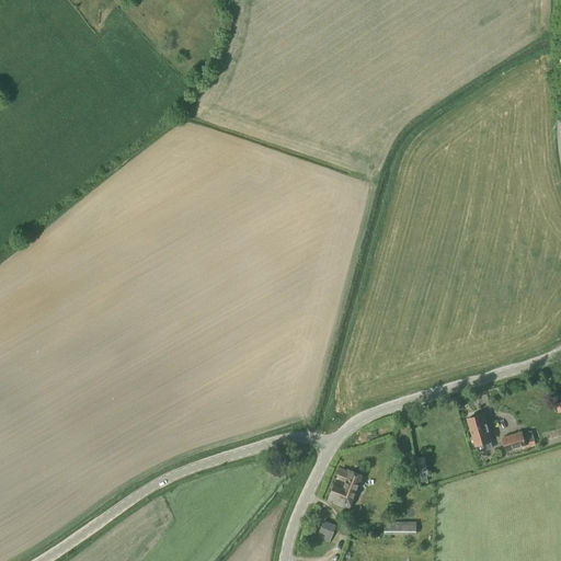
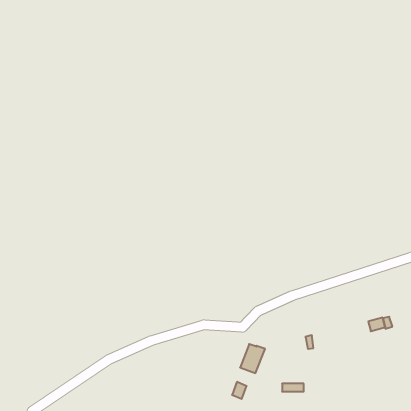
building: [467,414,490,446] -> none

